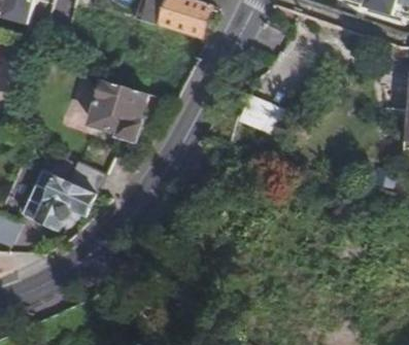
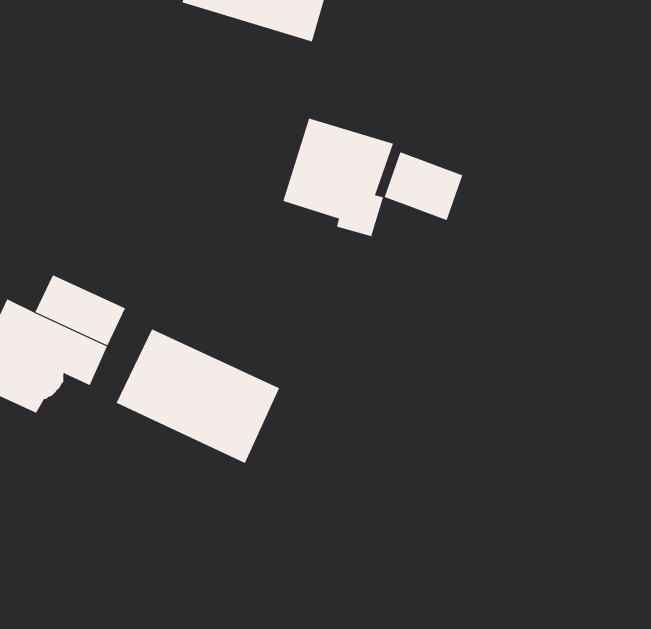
building: [88,80,145,142] -> [283,118,394,237]
building: none -> [116,328,280,464]

